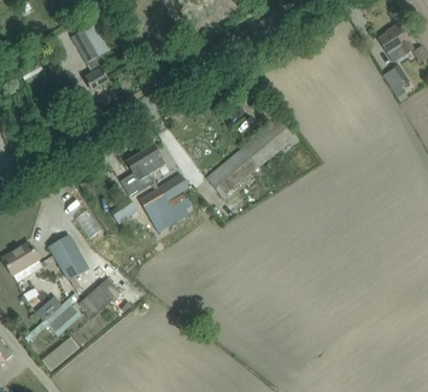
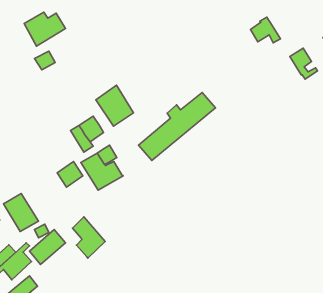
building: [377,23,412,53] -> [251,17,280,43]
building: none -> [96,85,134,126]
building: none -> [72,217,105,258]

